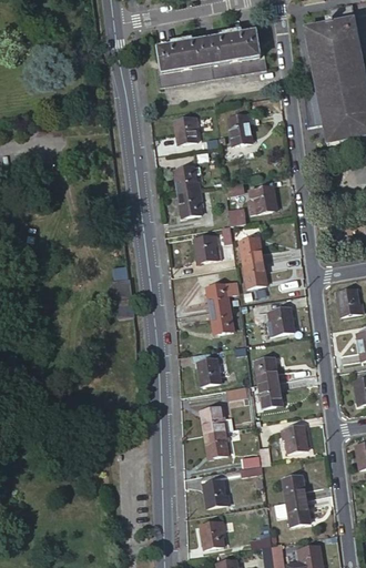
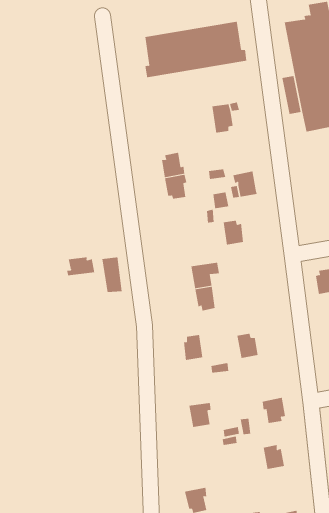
building: [173,116,197,143] -> none
building: [194,235,221,262] -> none
building: [243,261,266,287] -> none
building: none -> [66,257,95,276]
building: [267,307,293,335] -> none
building: [258,381,282,407] -> none
building: [200,406,226,434] -> none
building: [203,480,228,507] -> none
building: [286,498,308,525] -> none

